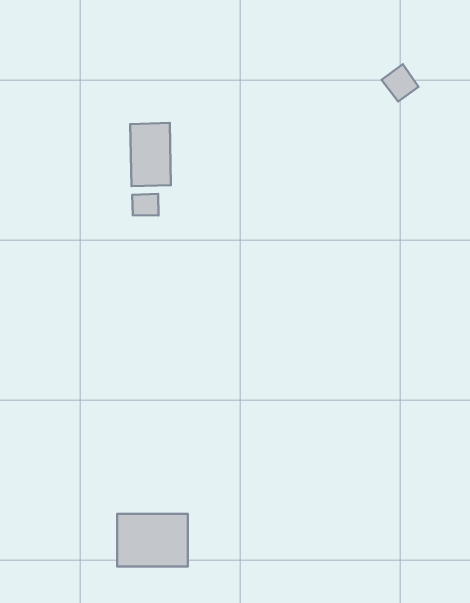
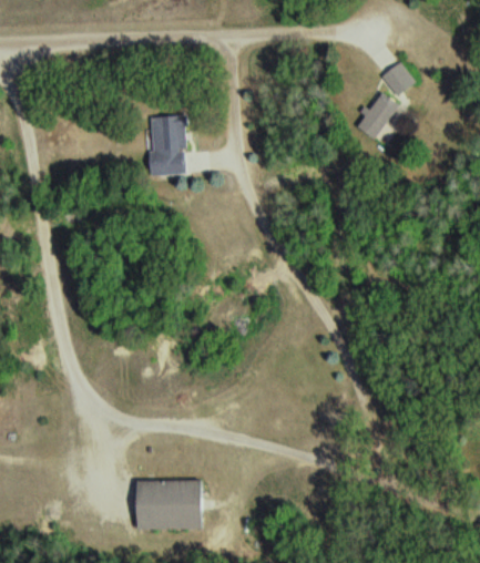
building: none -> [358,93,399,141]
building: [132,194,158,215] -> none

